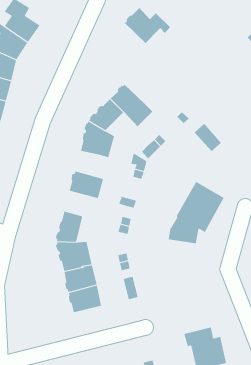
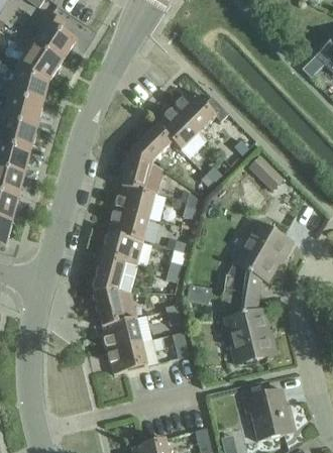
building: [124,7,171,44] -> [174,90,228,132]
building: none -> [115,186,155,218]
building: none -> [103,232,143,265]
building: none -> [221,289,273,363]

